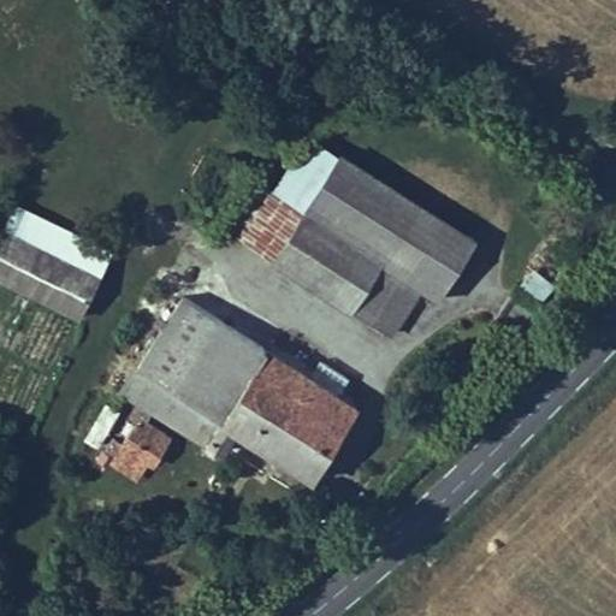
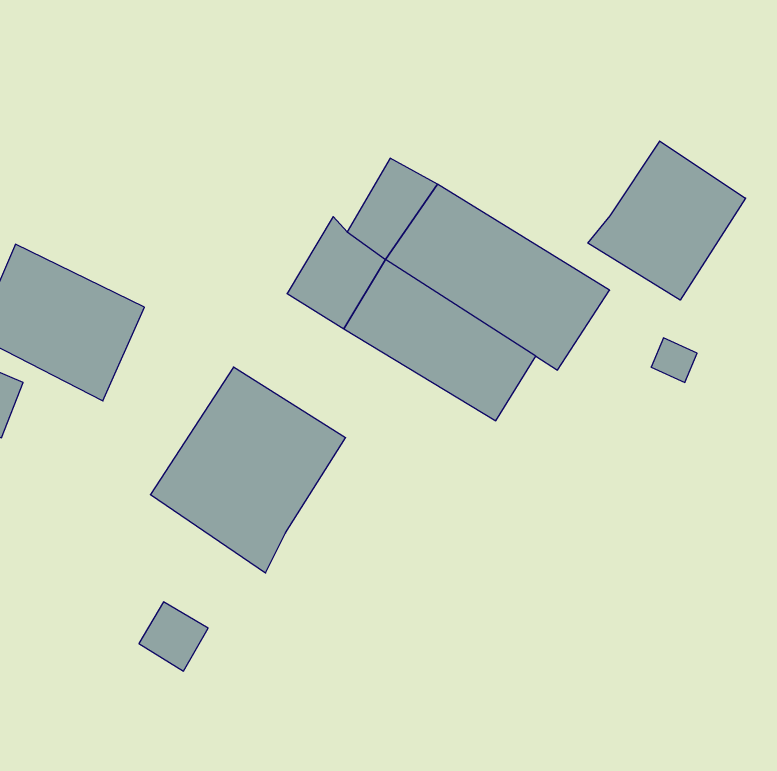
building: none -> [588,141,746,300]
building: [224,354,361,488] -> none
building: [118,420,172,474] -> [139,602,208,671]

